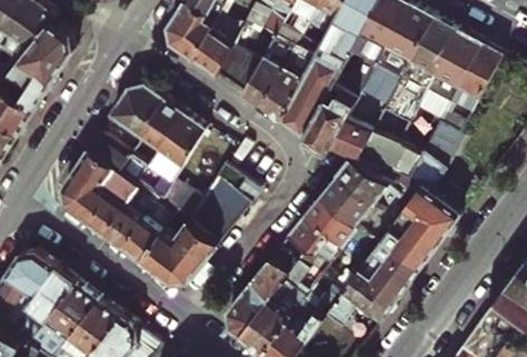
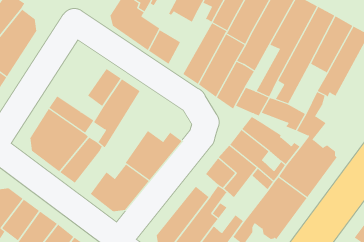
building: [242,27,298,105] -> none
building: [110,83,161,132] -> none
building: [121,198,176,259] -> none

